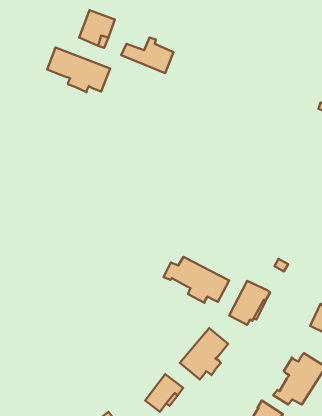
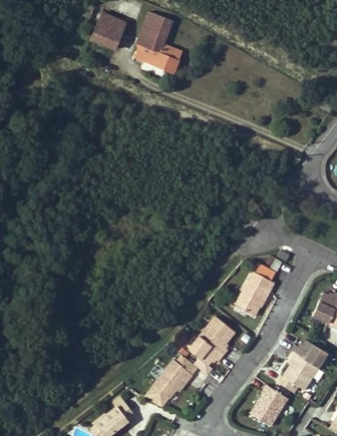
building: none -> [137,12,174,51]
building: [47,48,110,92] -> none
building: [163,257,229,303] -> none

